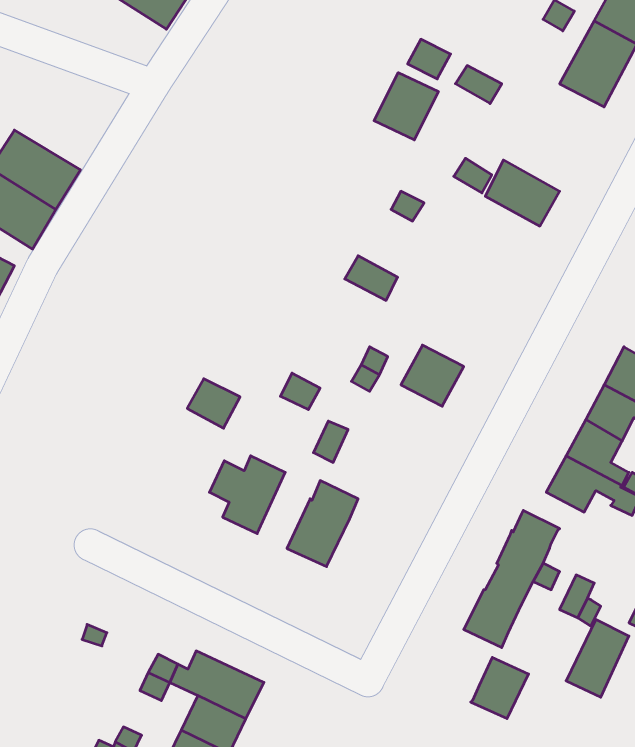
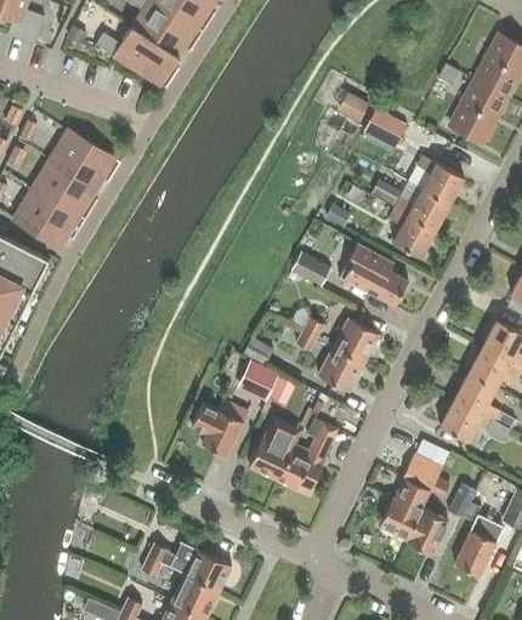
building: [374,73,438,140] -> none
building: none -> [49,131,115,189]
building: none -> [408,155,464,205]
building: none -> [388,209,435,257]
building: none -> [339,244,408,306]
building: [187,379,240,428] -> [239,363,278,399]
building: none -> [318,347,363,392]
building: none -> [278,419,337,490]
building: [471,657,529,719] -> [405,508,448,553]

